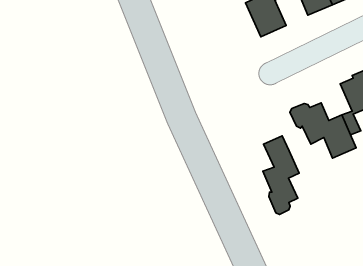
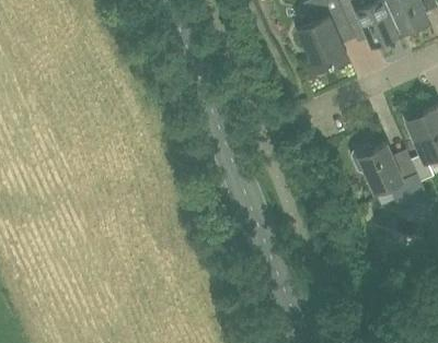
building: [263,136,299,215] -> none

